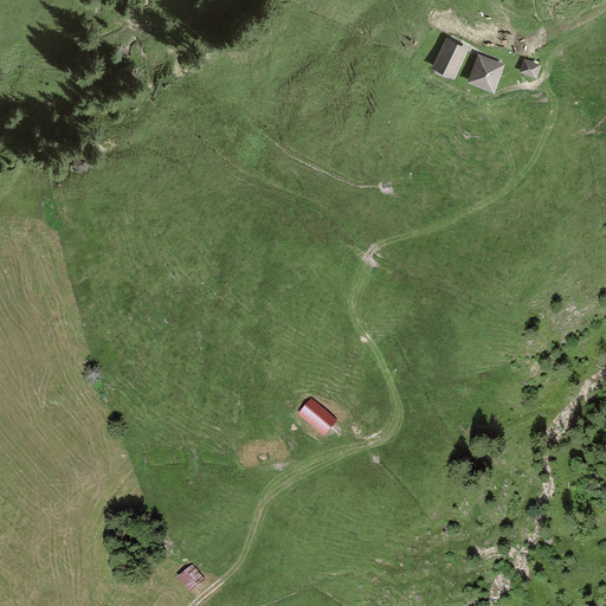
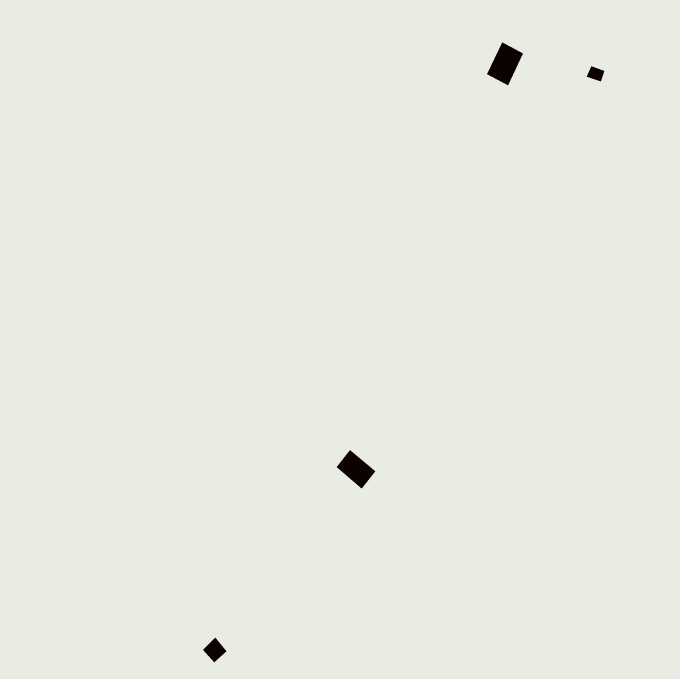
building: [470,53,503,88] -> none

